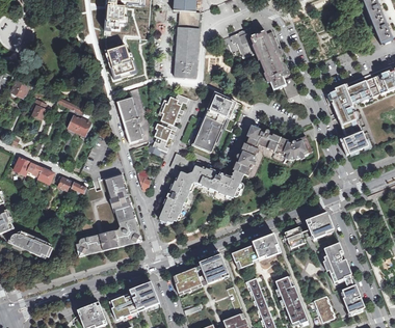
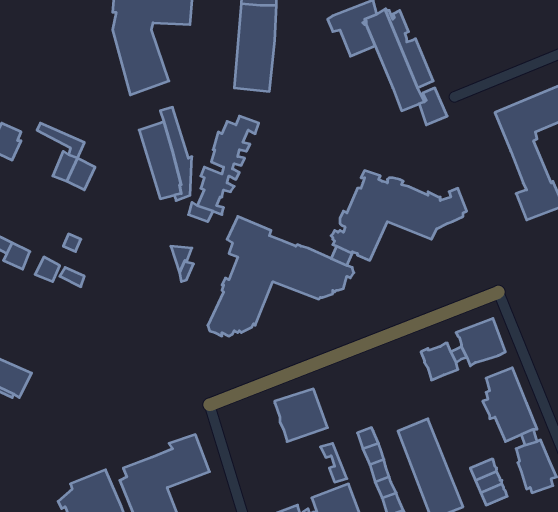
building: [187,93,242,151] -> none
building: [75,173,141,255] -> none
building: [231,231,281,267] -> none
building: [170,262,203,294] -> none

